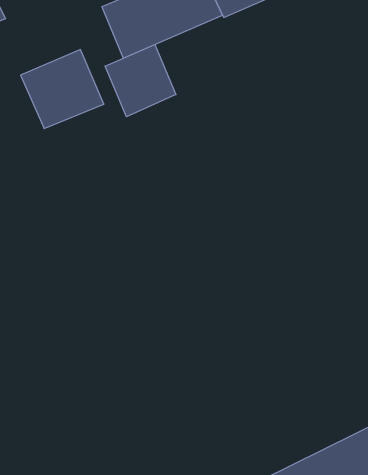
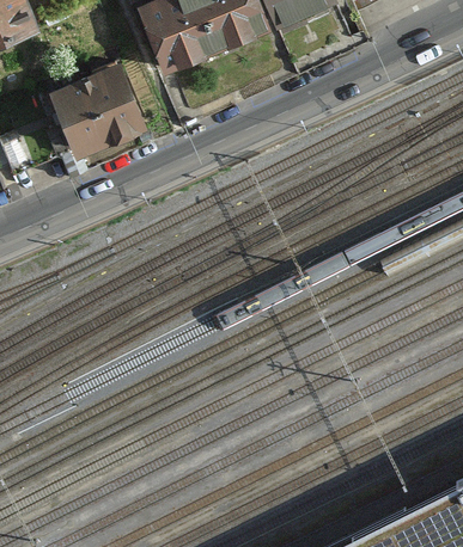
building: [105,45,176,117] -> none

